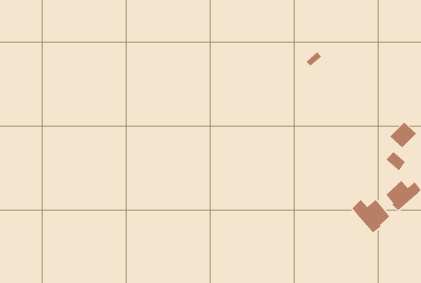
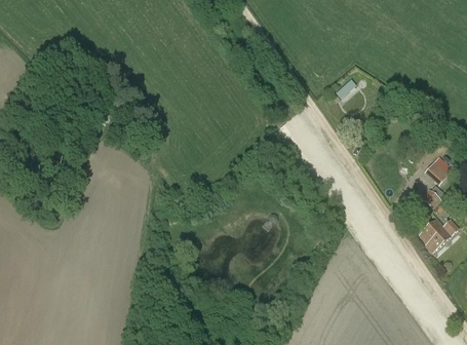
building: [351,199,390,234] -> none

